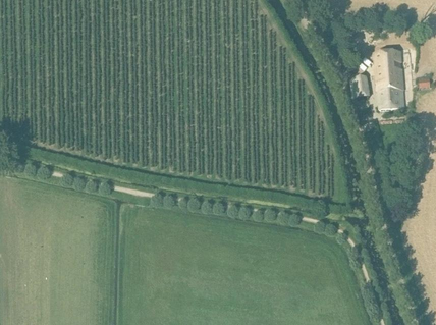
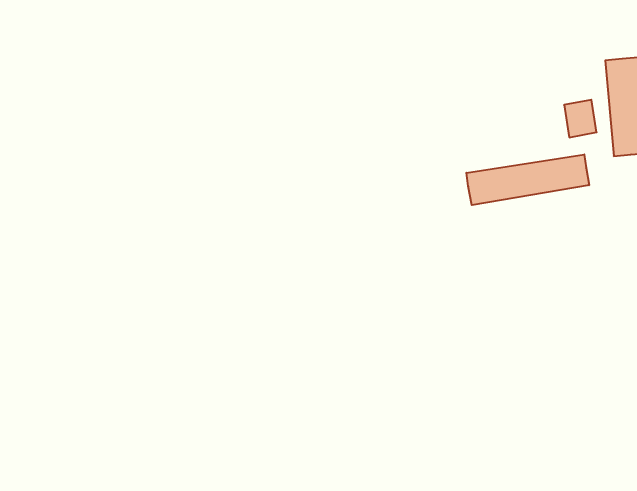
building: none -> [466,154,589,205]

